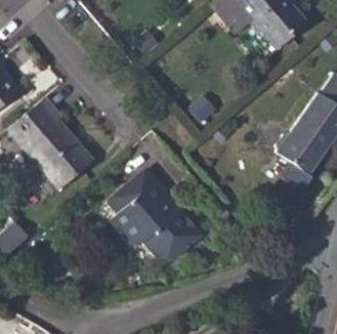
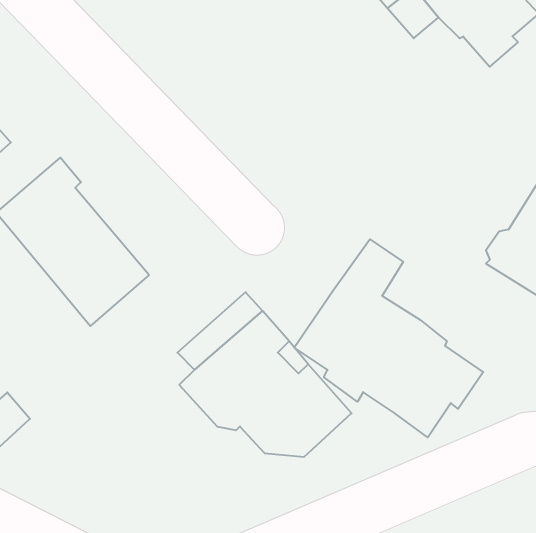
building: none -> [294,239,483,437]

